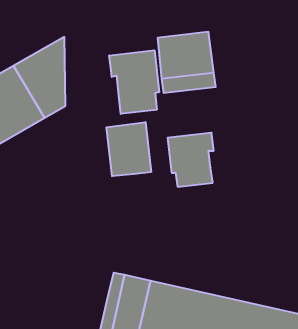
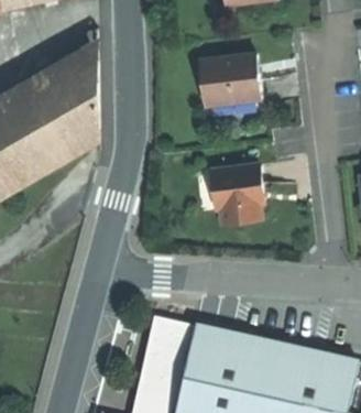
building: [109,50,159,114] -> none
building: [107,122,151,176] -> none

